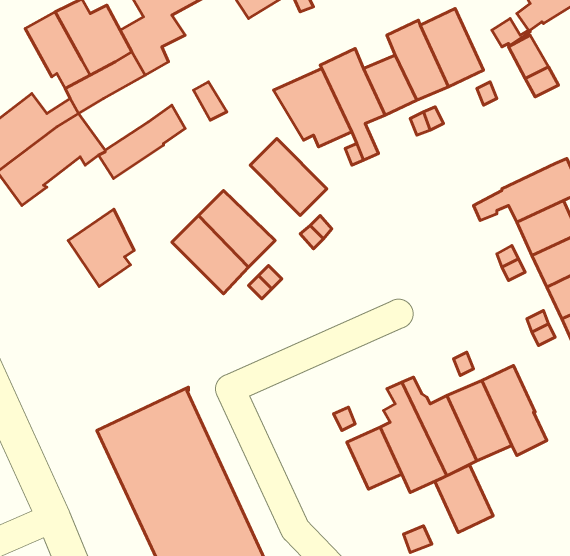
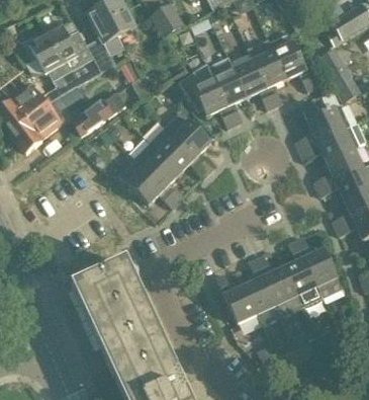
building: none -> [296,100,351,150]
building: none -> [150,126,196,171]
building: [68,209,134,287] -> none
building: [435,465,493,533] -> none

